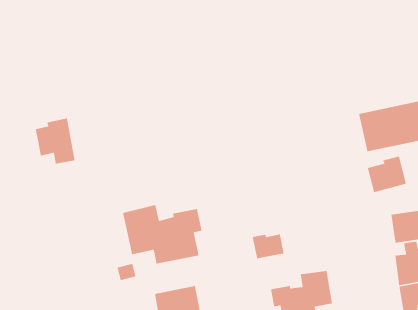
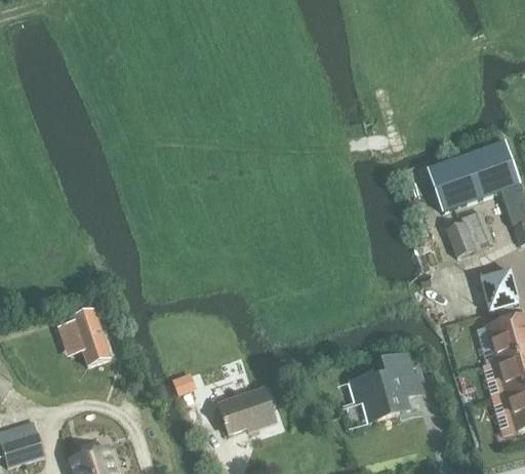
building: [35,118,75,164] -> [57,308,109,363]
building: [122,204,203,265] -> none
building: [252,234,285,259] -> none

